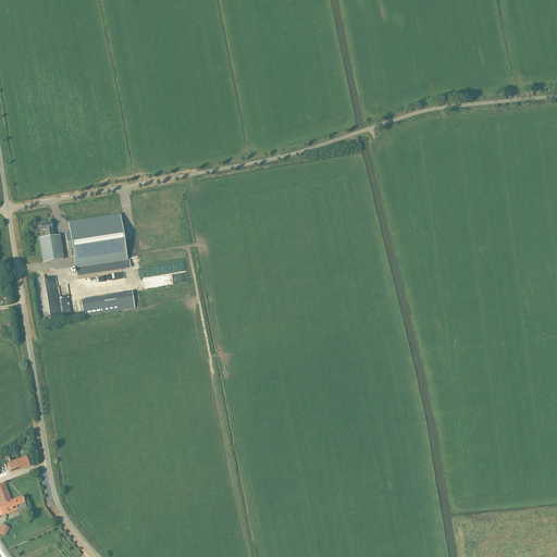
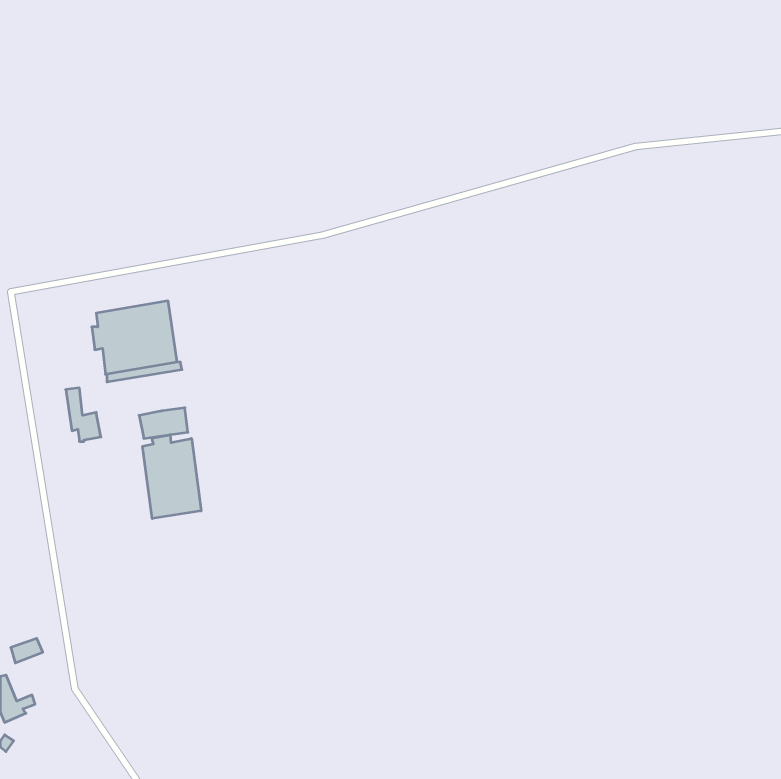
building: [37,220,63,261] -> none
building: none -> [143,435,201,519]

